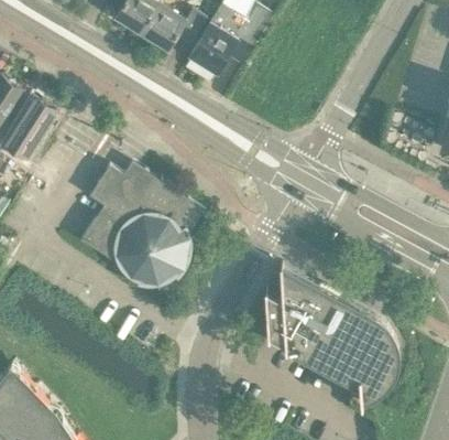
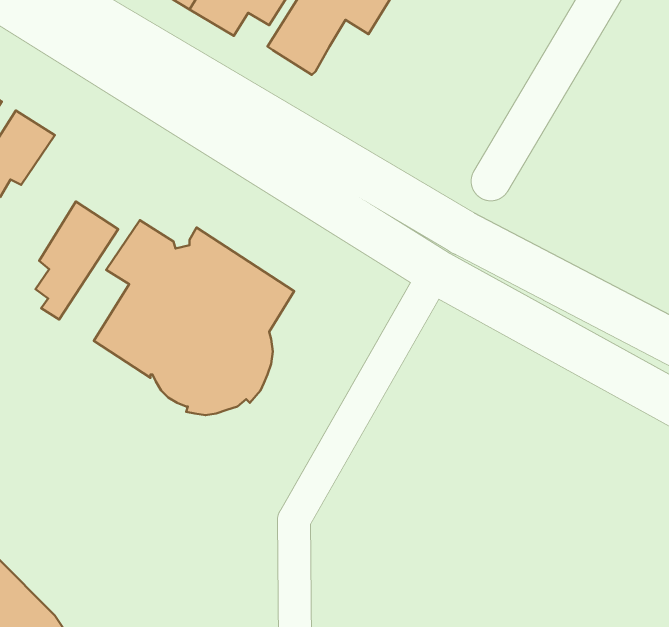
building: none -> [36,201,118,319]
building: [264,265,396,406] -> none

